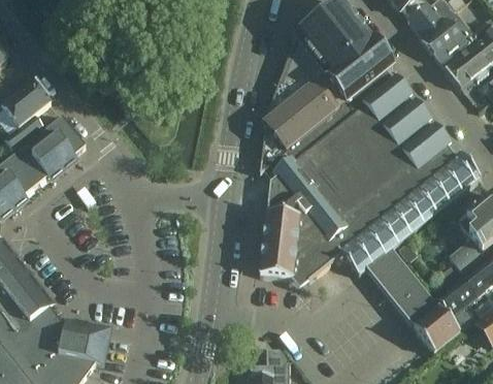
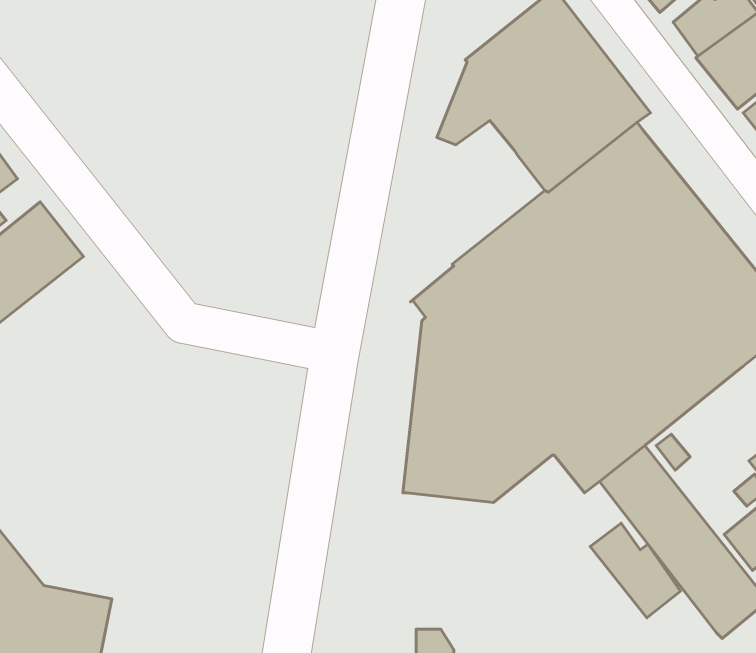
building: [264,70,338,169] -> none
building: none -> [590,523,681,618]

